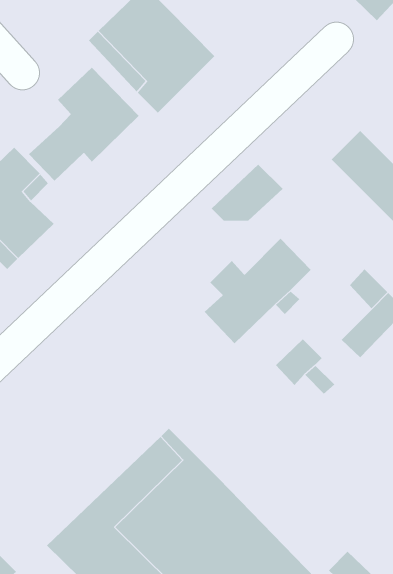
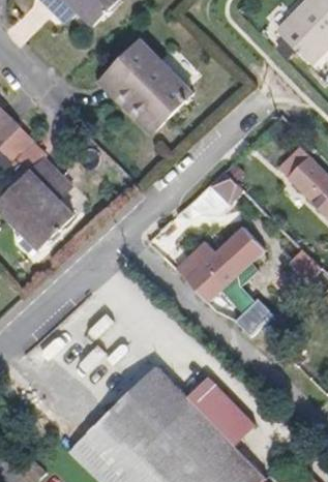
building: [28,67,140,181] -> none
building: none -> [195,384,262,452]

